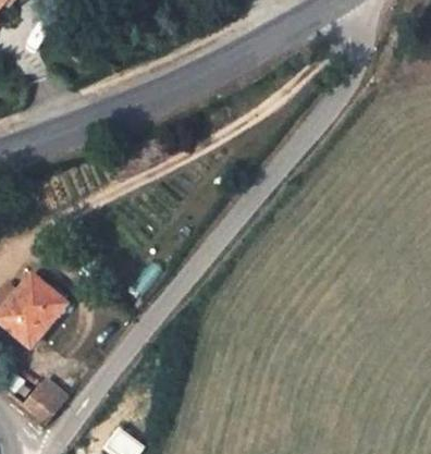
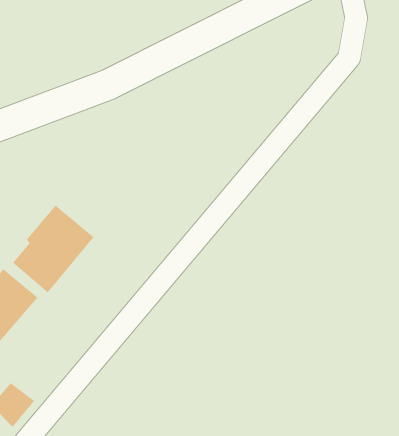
building: none -> [12,204,94,294]

